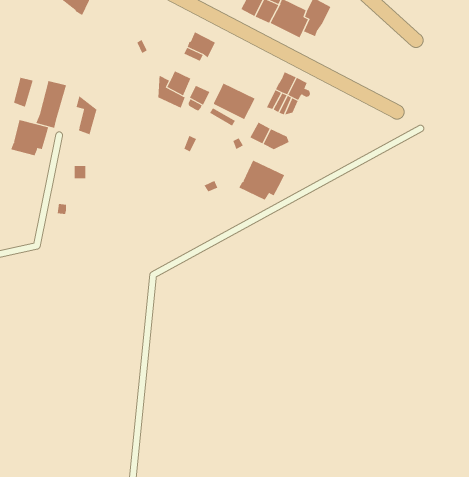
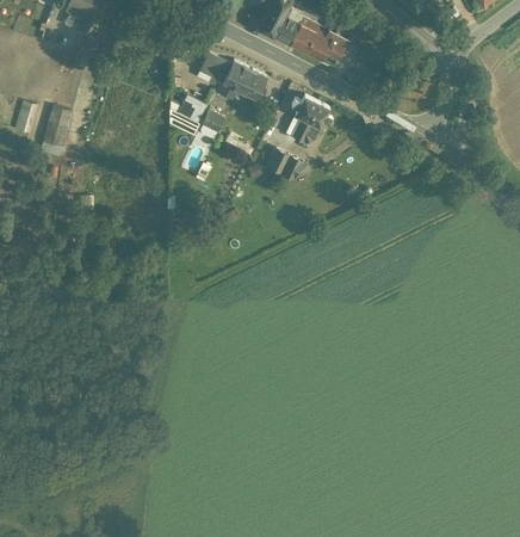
building: [213,83,256,120] -> [223,60,268,99]
building: [76,95,97,135] -> none
building: [11,119,49,156] -> none
building: [239,159,285,200] -> none

